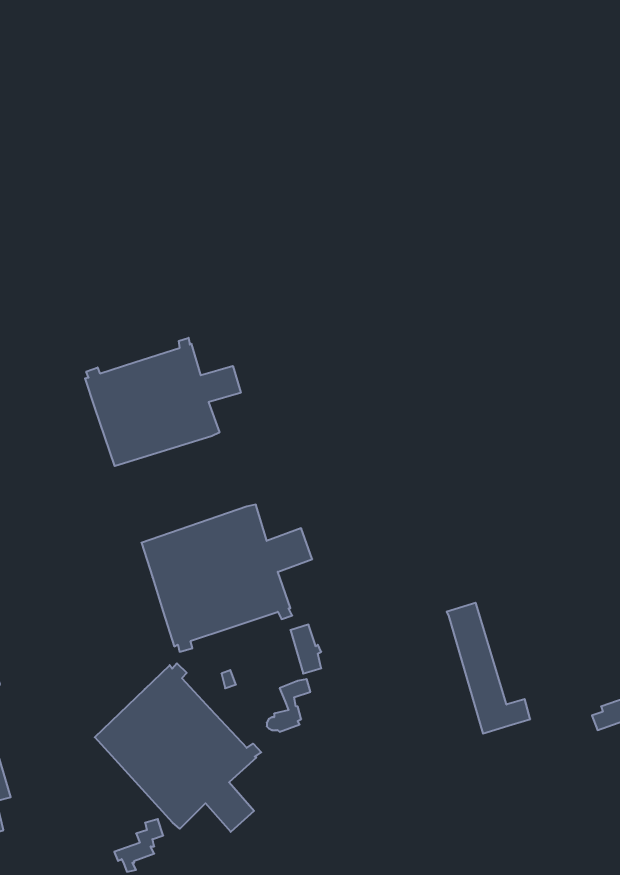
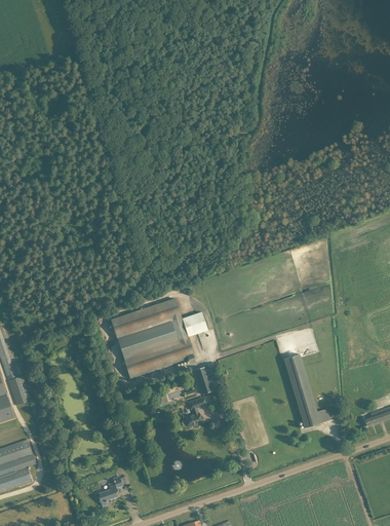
building: [85,338,241,466] -> none
building: [95,663,261,832] -> none

